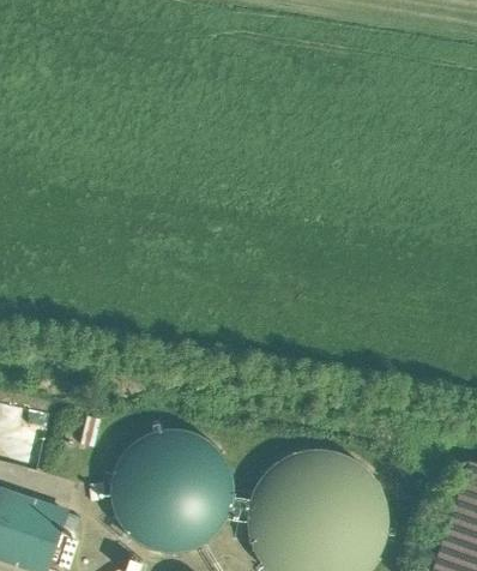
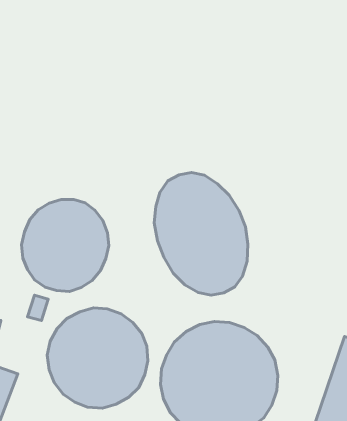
building: none -> [154,173,248,295]
building: none -> [21,199,109,291]

